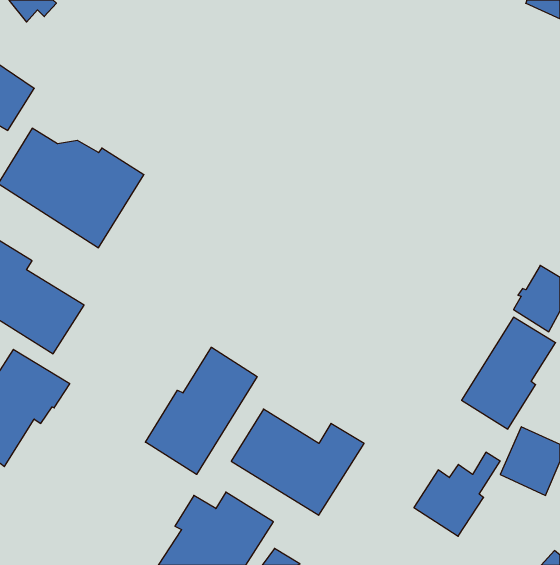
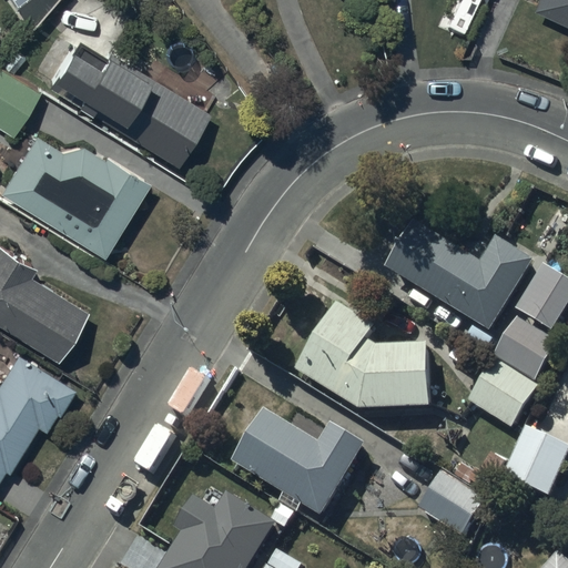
building: none -> [29,32,207,162]
building: none -> [385,223,535,332]
building: none -> [296,304,432,412]
building: [145,347,257,474] -> none

